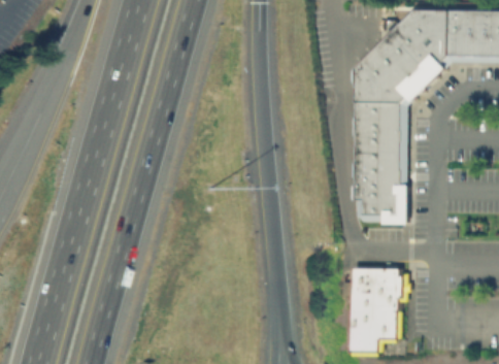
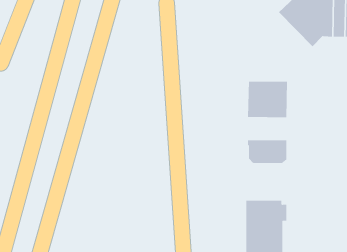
building: [357,29,438,117] -> none
building: [356,162,406,191] -> none

